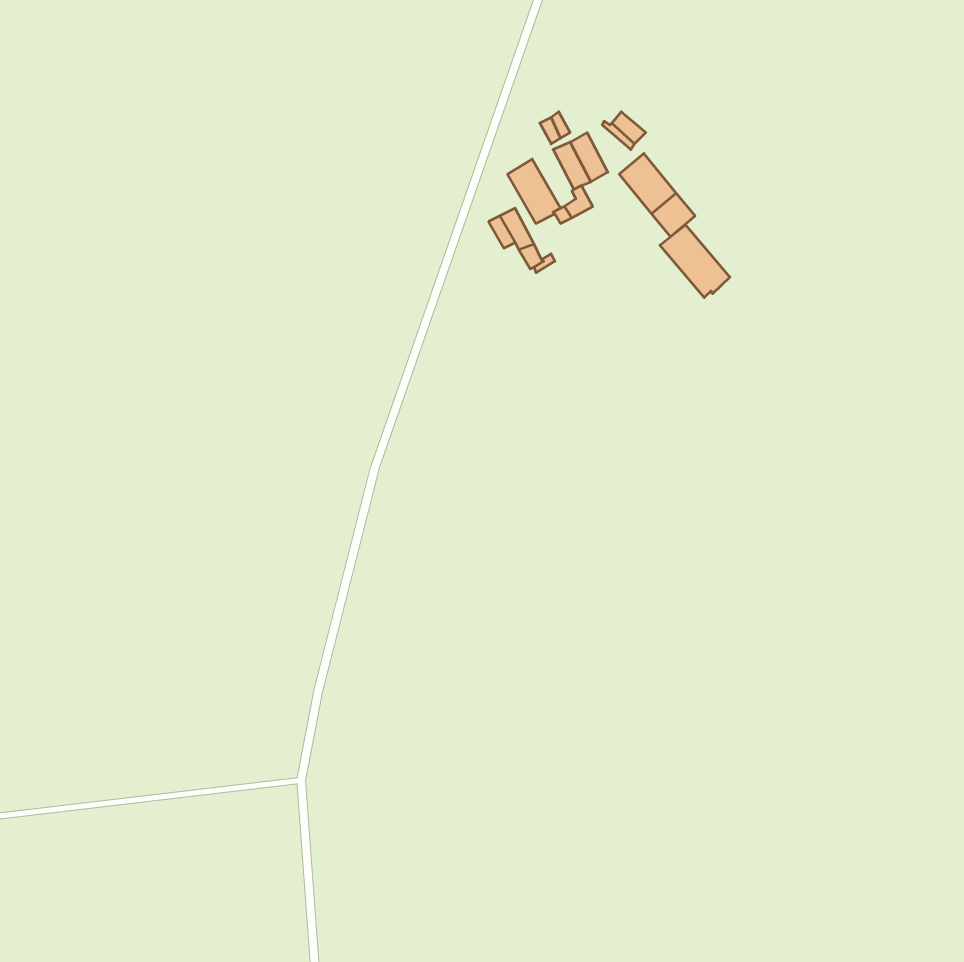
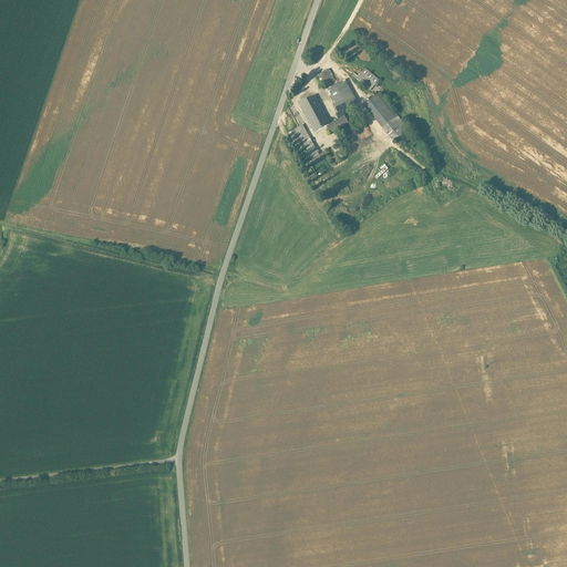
building: [660,225,730,298] -> none

